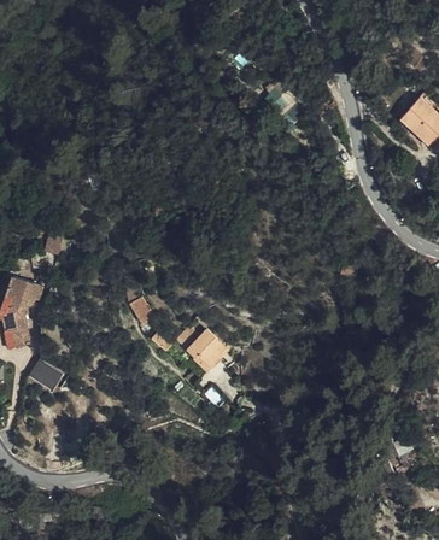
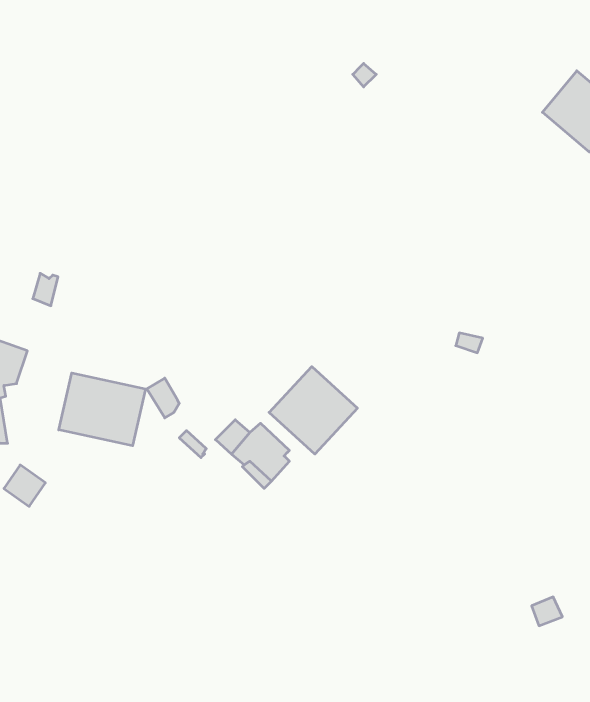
building: none -> [269,367,357,454]
building: none -> [59,373,146,446]

